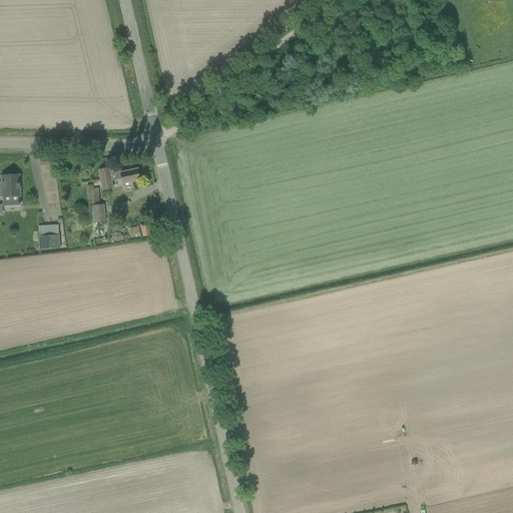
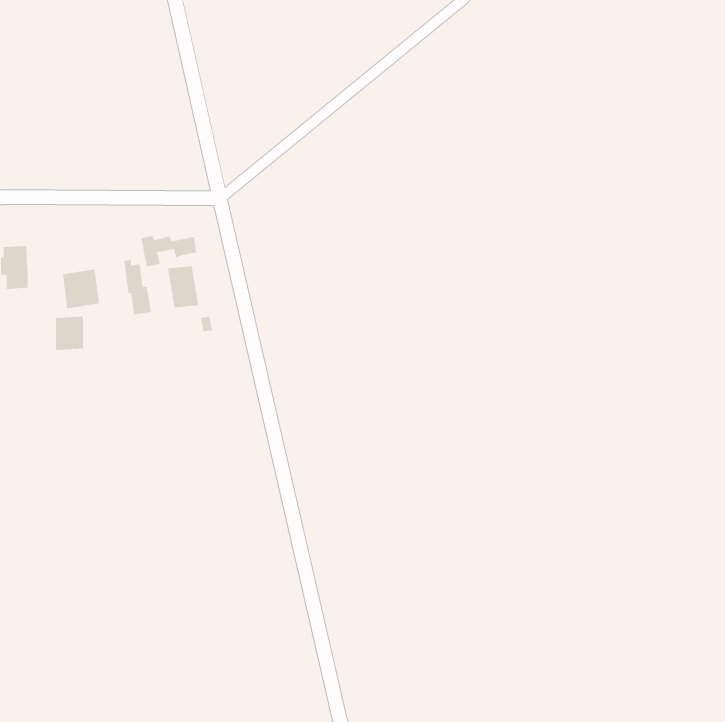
building: none -> [168,266,199,308]
building: none -> [62,268,99,309]

